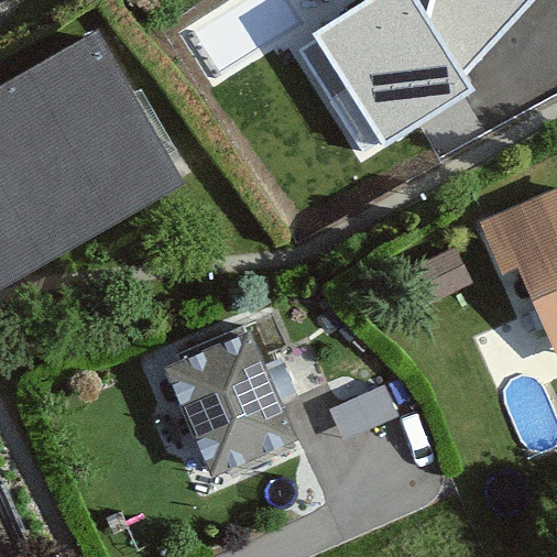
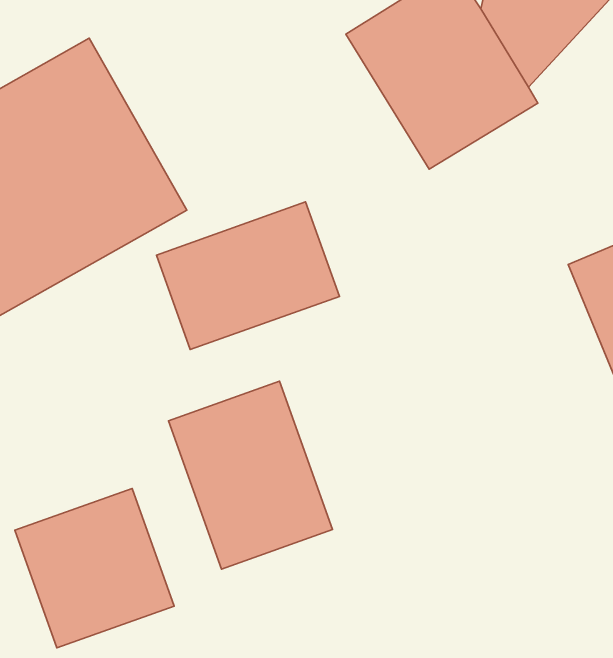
building: none -> [156,202,339,350]
building: none -> [15,488,174,648]

